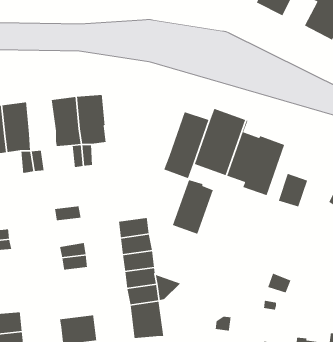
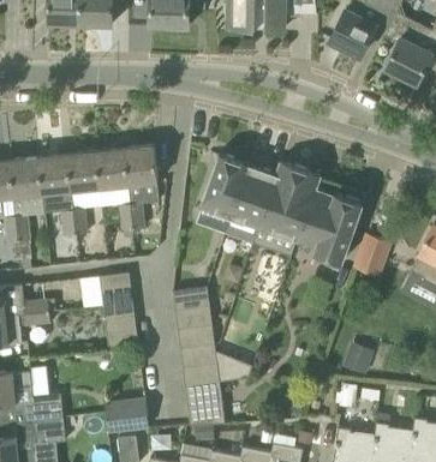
building: none -> [67,152,100,192]
building: [172,179,214,235] -> [199,154,247,217]
building: none -> [101,288,133,320]

